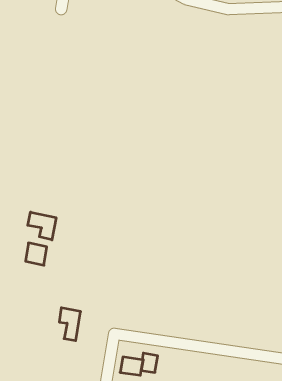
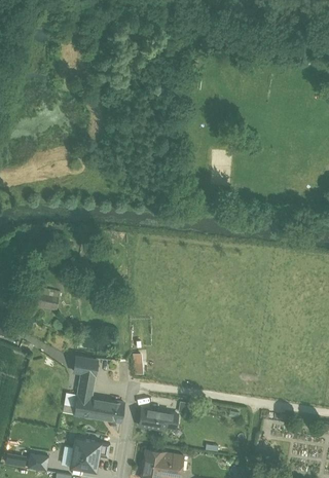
building: [28,212,56,240] -> none
building: none -> [73,390,123,422]

